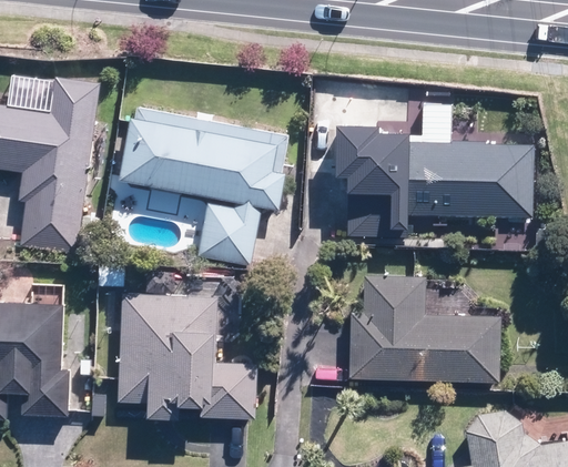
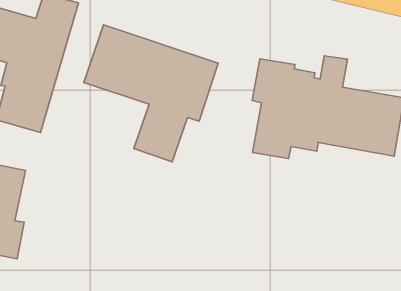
building: [348,273,498,382] -> none
building: [116,292,257,419] -> none

